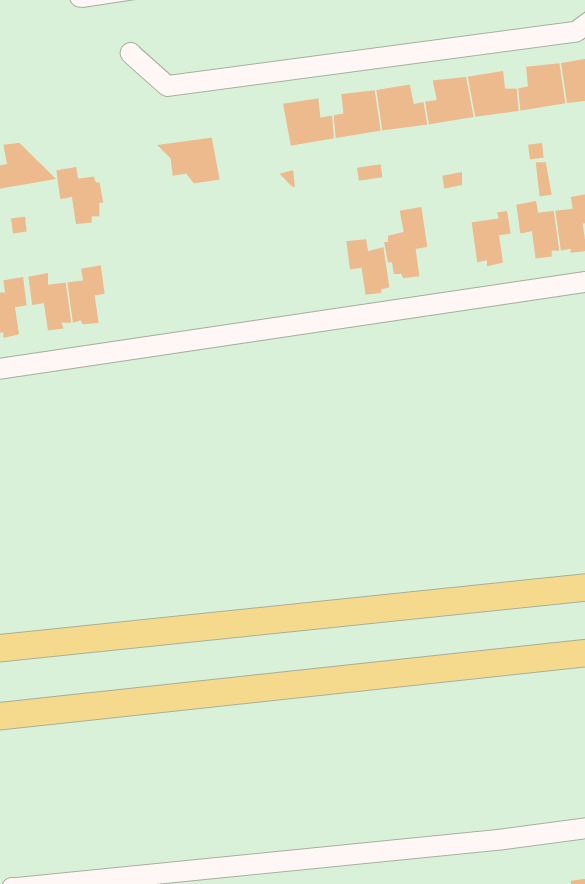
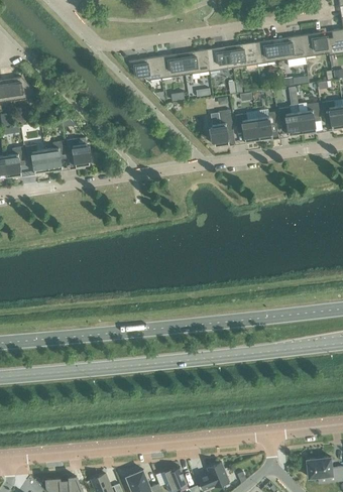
building: [156,137,220,184] -> [127,56,160,81]
building: [56,166,104,225] -> [65,138,90,168]
building: [345,239,390,295] -> [234,114,257,143]

